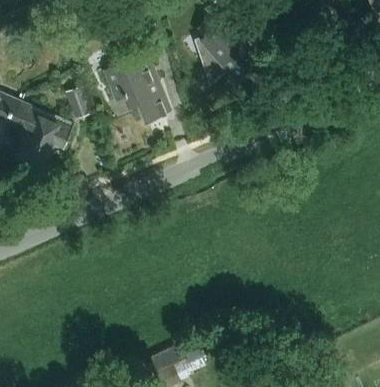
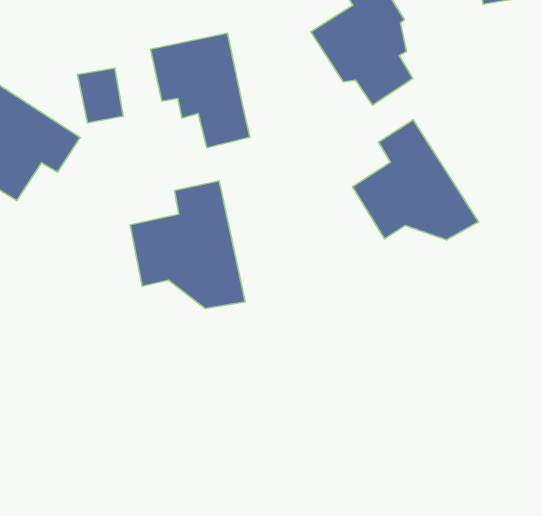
building: none -> [353,120,479,240]
building: none -> [130,181,245,308]

